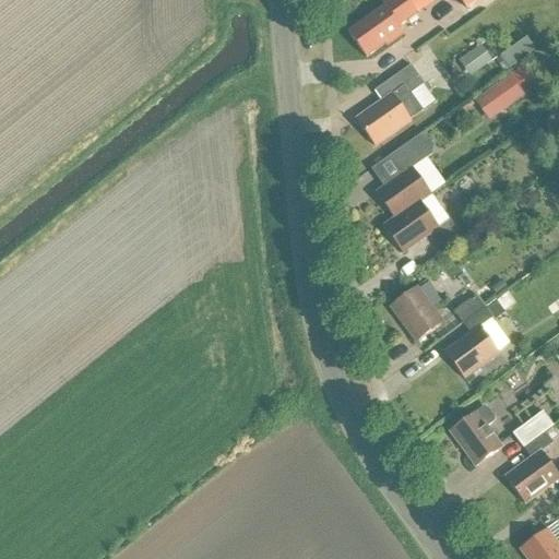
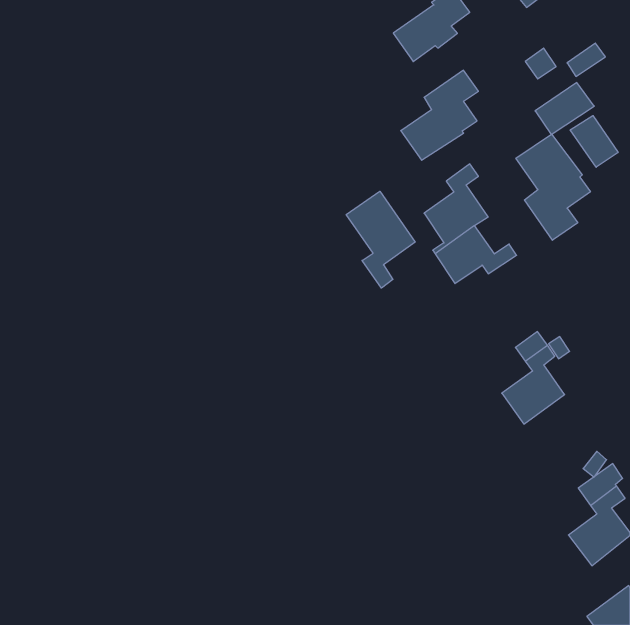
building: none -> [570,116,618,167]
building: none -> [516,134,590,240]
building: none -> [346,191,415,288]
building: [391,285,442,340] -> none
building: [449,407,503,464] -> none

